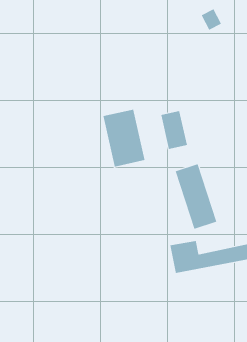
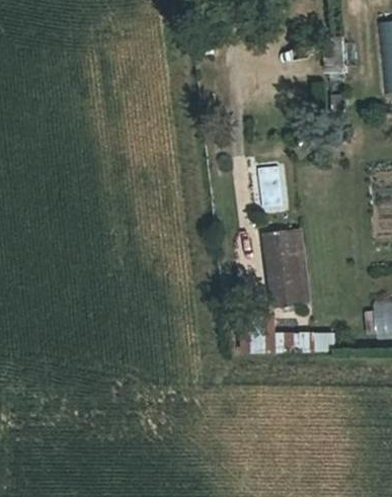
building: [103,109,145,168] -> none

